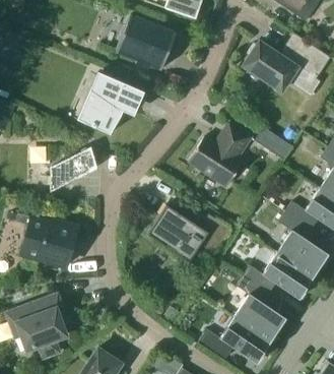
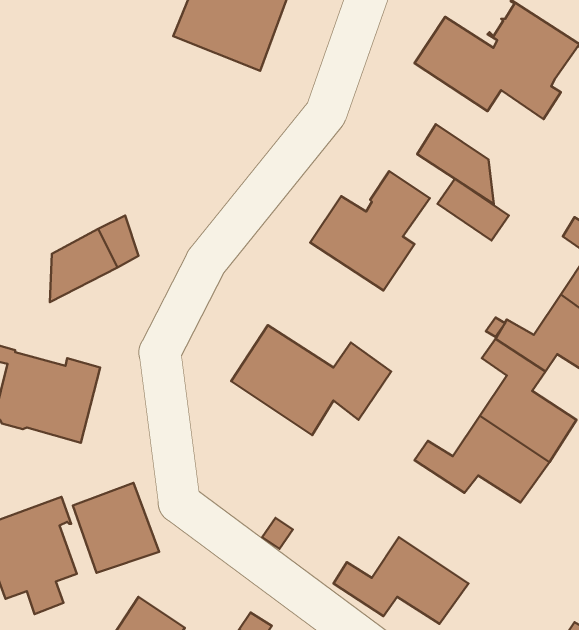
building: [77,72,164,134] -> none
building: none -> [417,124,494,204]
building: [235,275,285,340] -> none
building: none -> [73,483,159,573]

